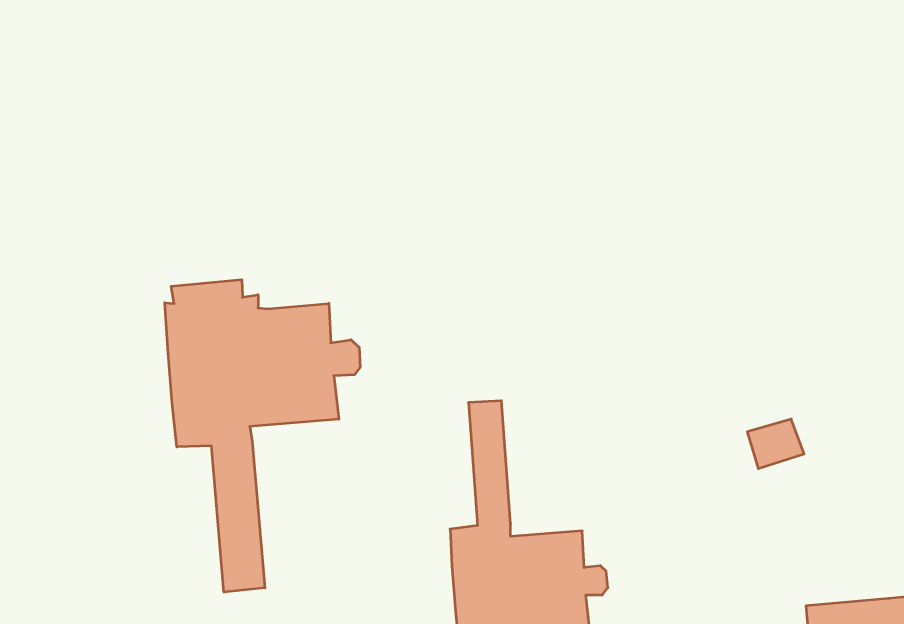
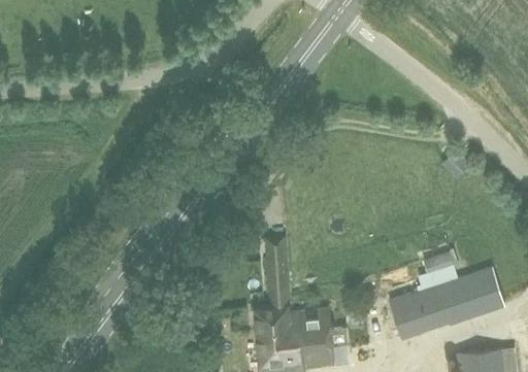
building: [165,280,360,592] -> none
building: none -> [389,268,503,338]

